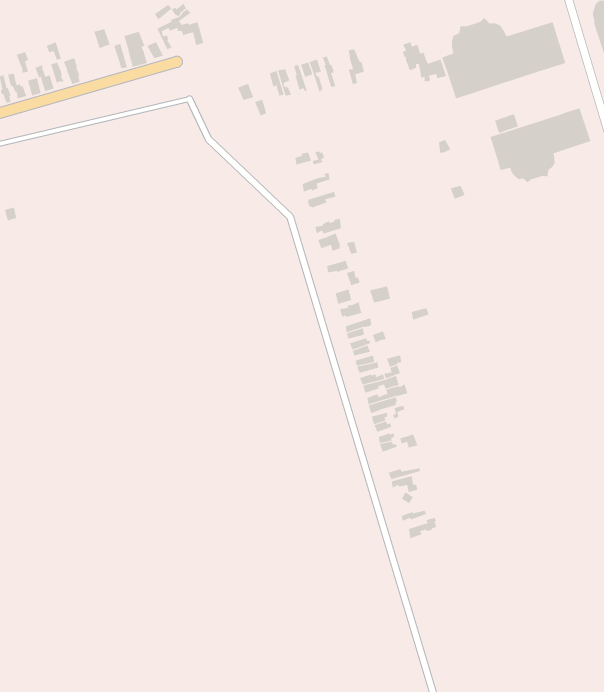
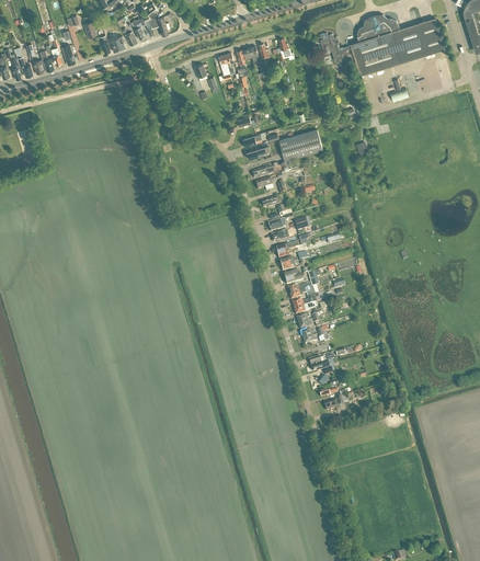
building: [490,107,591,183] -> none
building: none -> [278,129,322,160]

